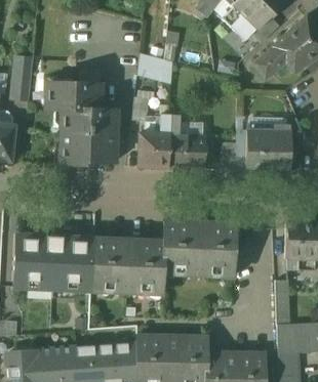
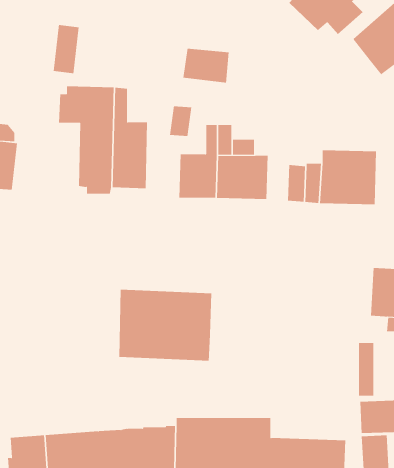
building: [252,48,285,81] -> none
building: [12,55,33,93] -> [53,24,80,74]
building: [163,221,236,274] -> none
building: [14,235,93,290] -> none

